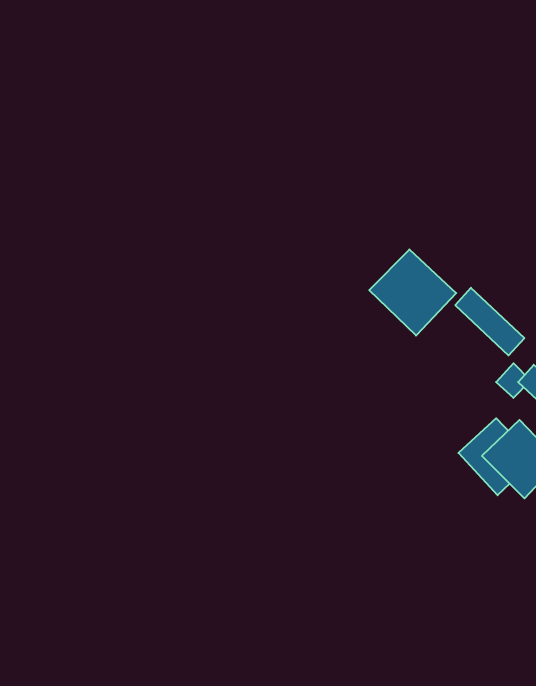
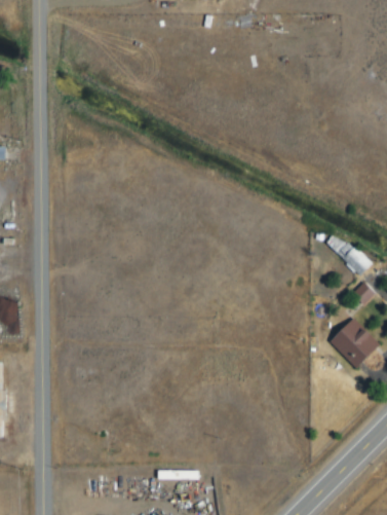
building: [369,249,456,336] -> none

